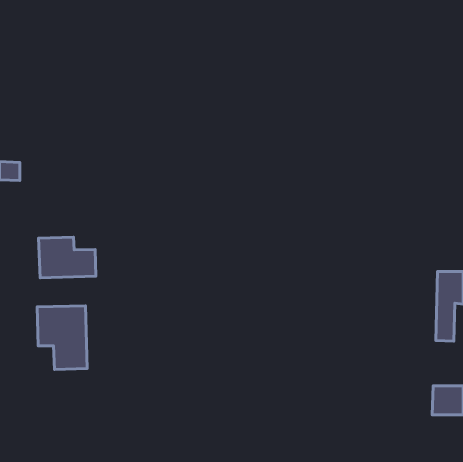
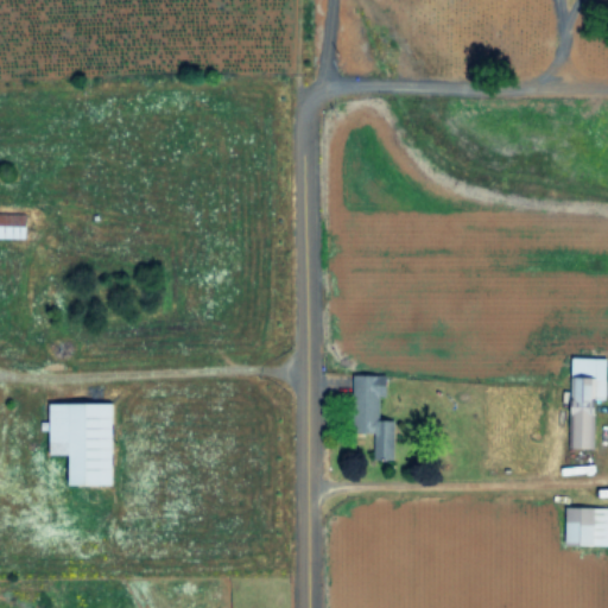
building: [39,237,96,278] -> none
building: none -> [355,375,388,460]

